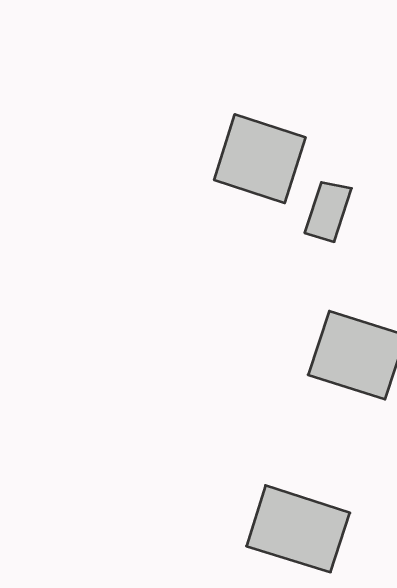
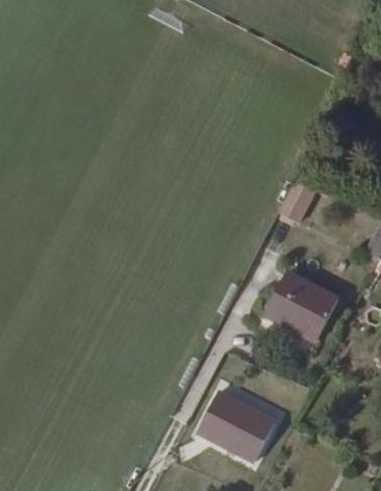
building: [214,114,305,203] -> none

